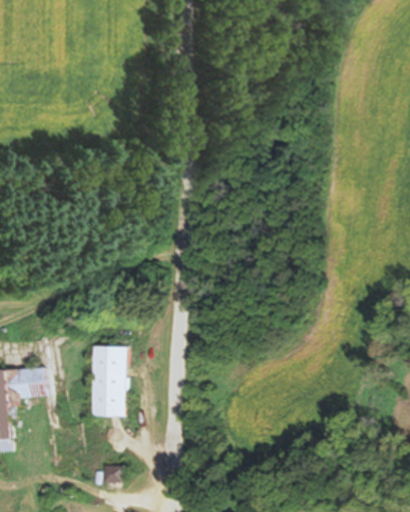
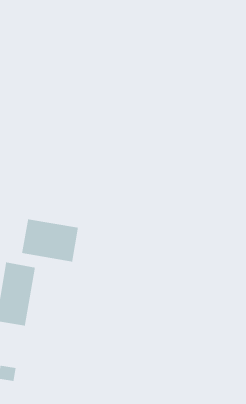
building: none -> [21,218,79,263]

